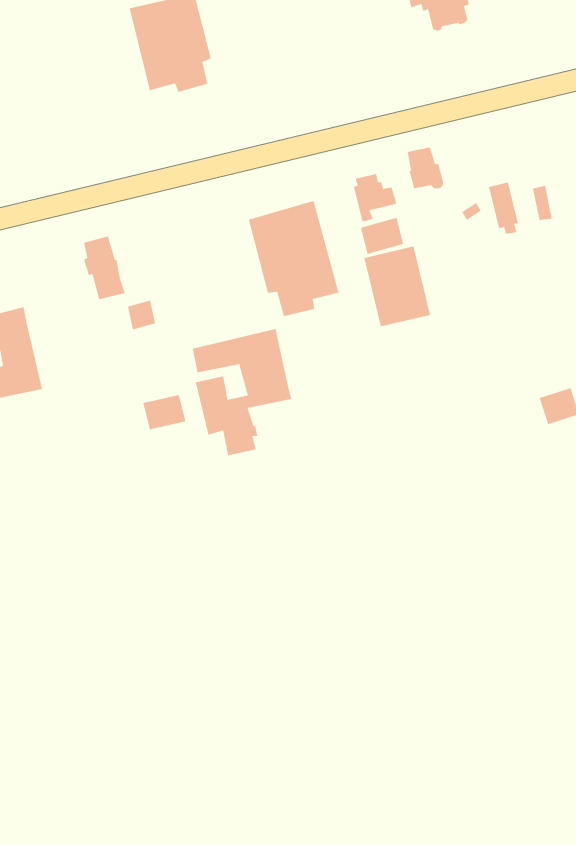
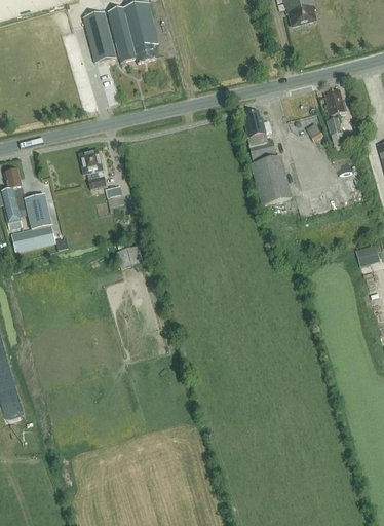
building: none -> [82,11,115,62]
building: [407,147,444,189] -> [323,88,346,114]
building: [248,200,339,317] -> none
building: [192,328,292,456] -> none

